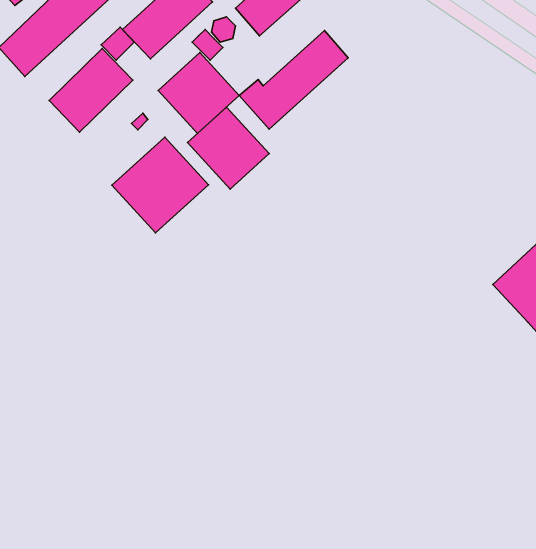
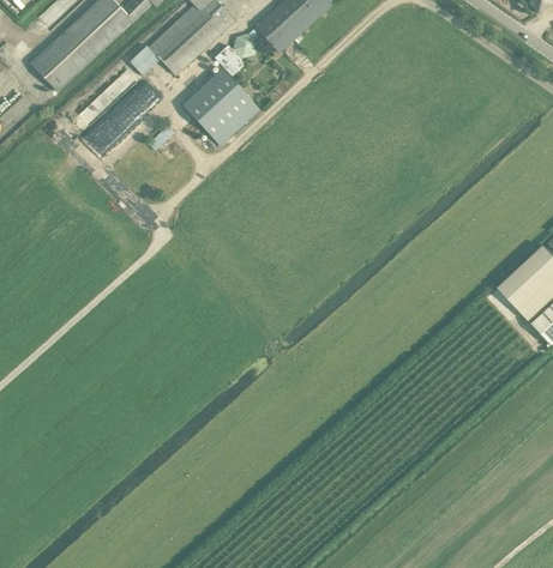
building: [239,31,348,129] -> none
building: [188,107,269,189] -> none
building: [112,137,209,233] -> none

